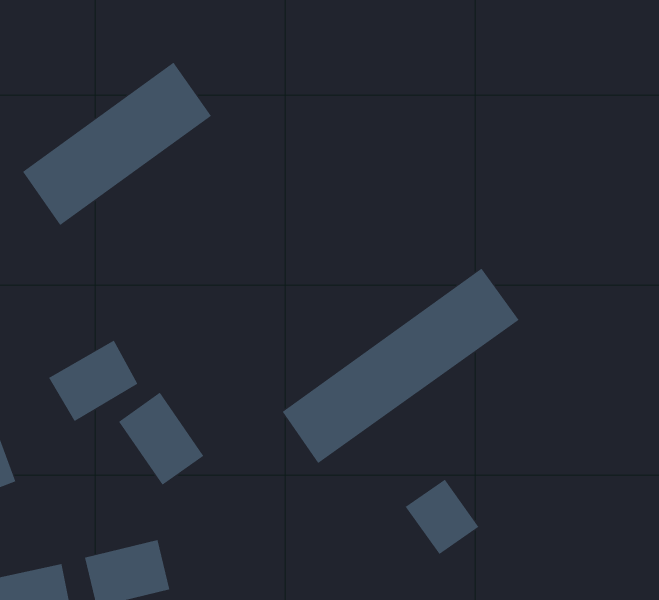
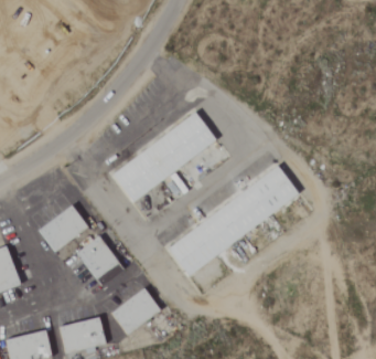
building: [22,62,212,226] -> [111,112,216,202]
building: [405,479,479,555] -> none
building: none -> [110,288,160,336]

